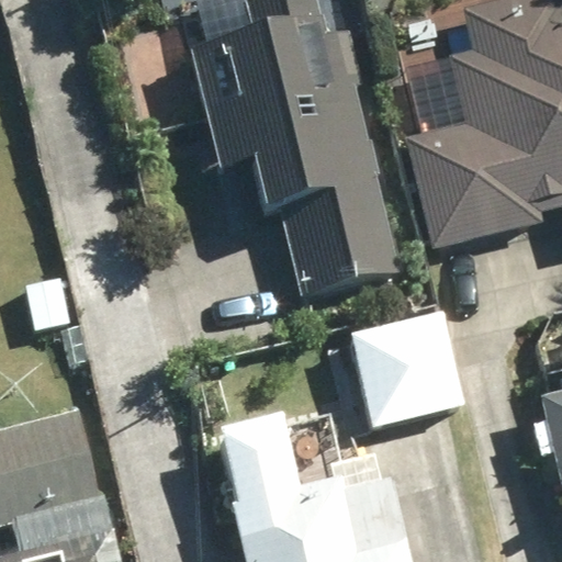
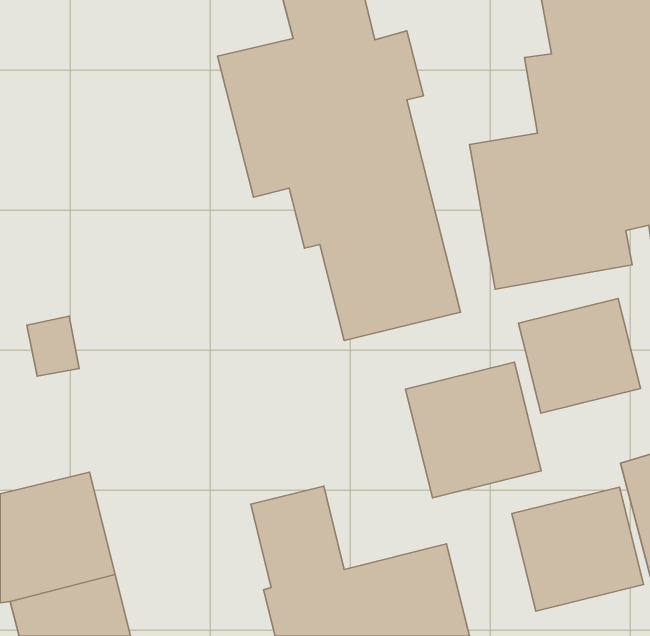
building: none -> [519,299,640,413]
building: none -> [512,487,643,611]

